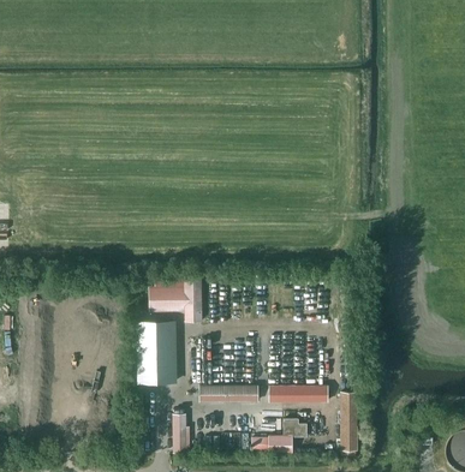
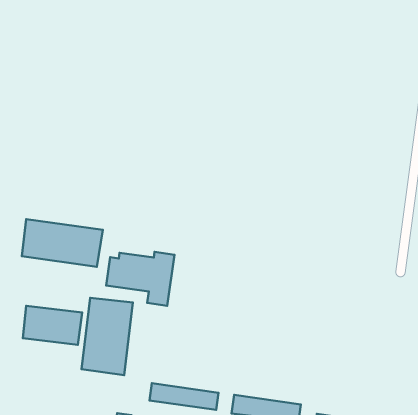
building: none -> [22,219,103,267]
building: none -> [23,306,82,345]

